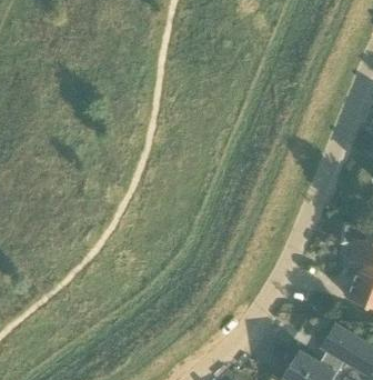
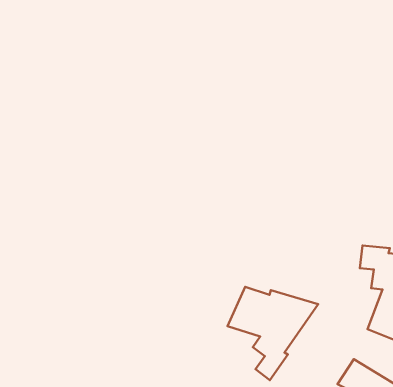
building: none -> [228,287,318,380]

